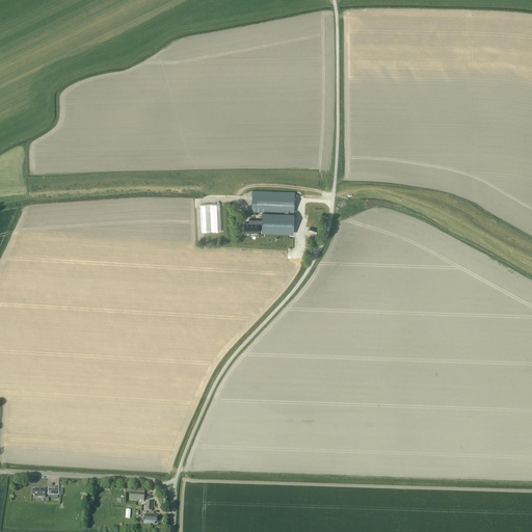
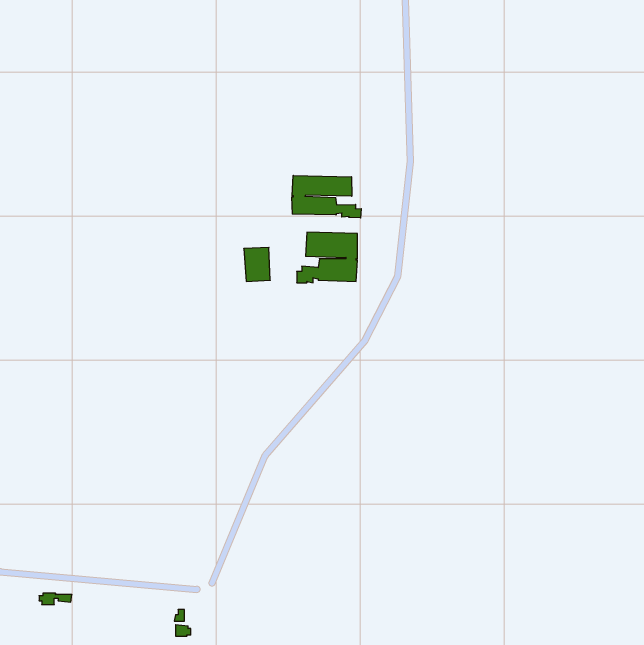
building: none -> [292,175,361,218]

